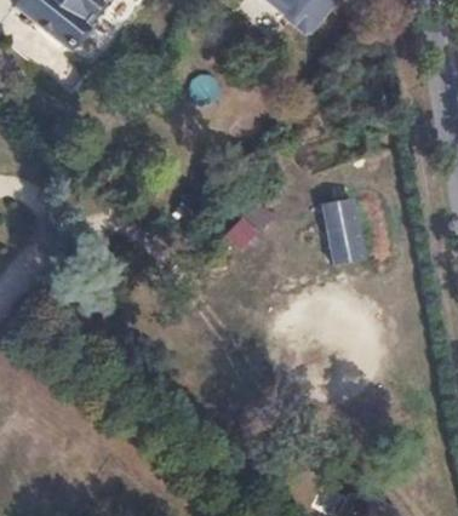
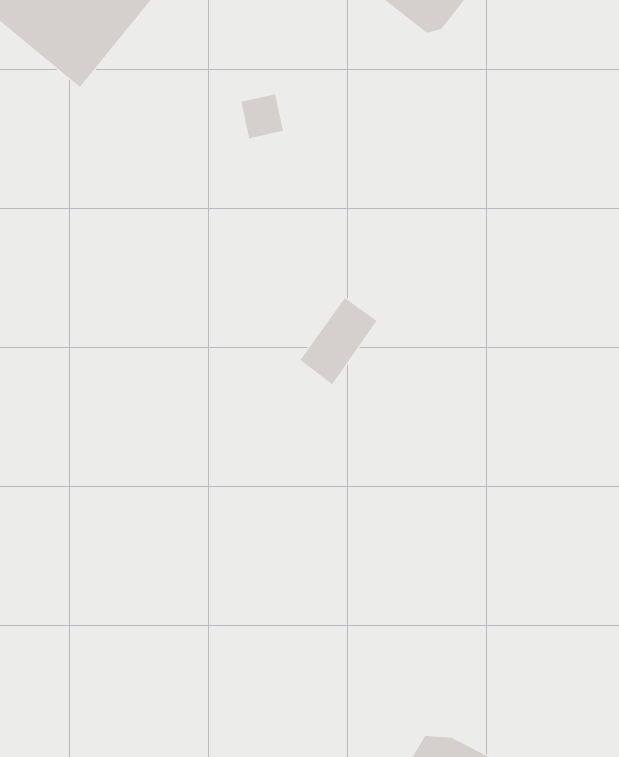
building: [322,190,362,254] -> none

